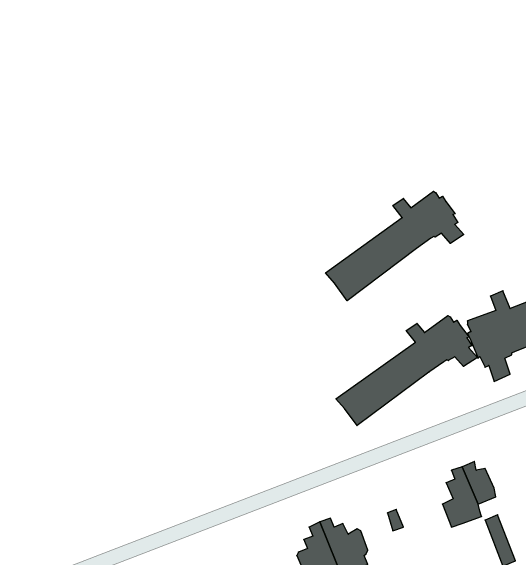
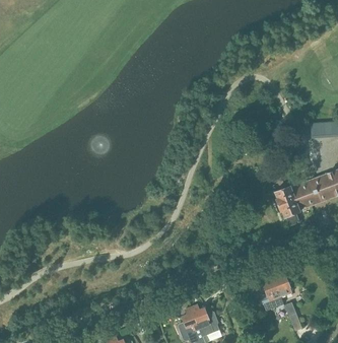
building: [326,191,464,301] -> none
building: [336,316,477,426] -> none

